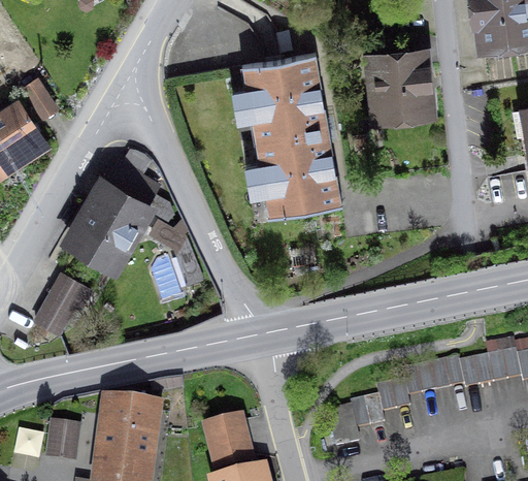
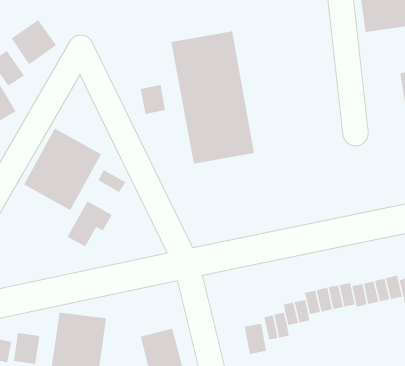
building: none -> [11,19,57,65]
building: [365,44,435,122] -> none
building: none -> [140,84,166,115]
building: [37,271,93,328] -> [67,201,112,247]

